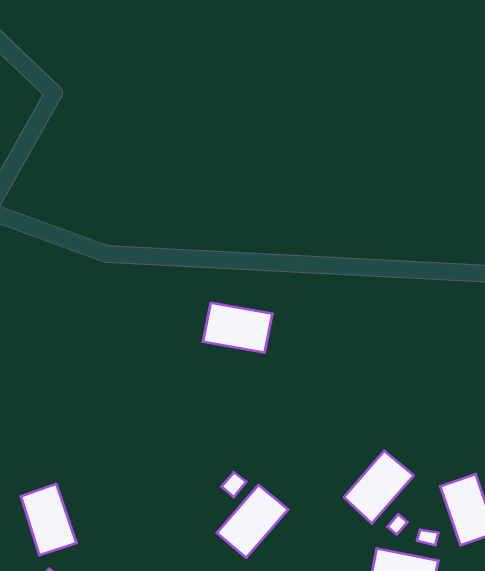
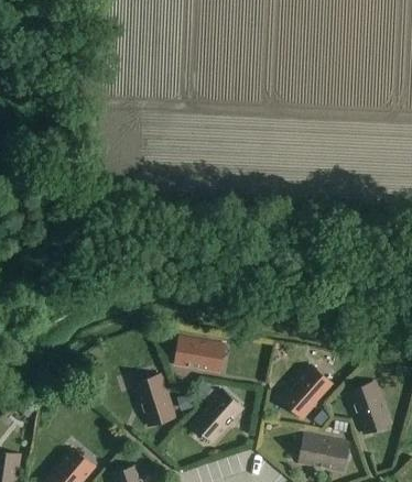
building: [203,303,273,352] -> [175,336,225,371]
building: [21,484,77,555] -> [135,373,175,424]

